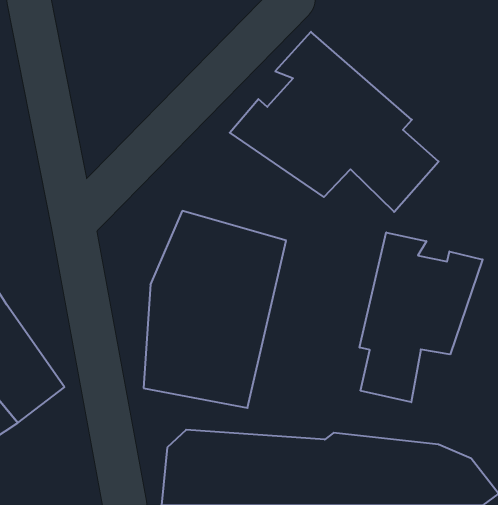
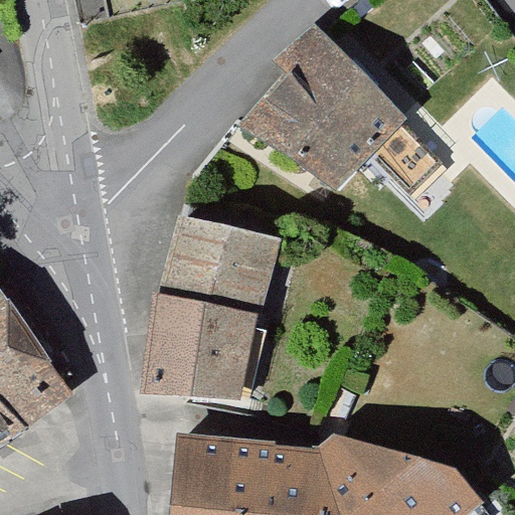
building: [360,232,483,402] -> none

